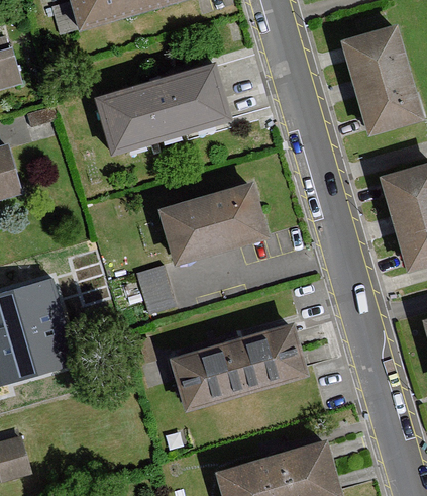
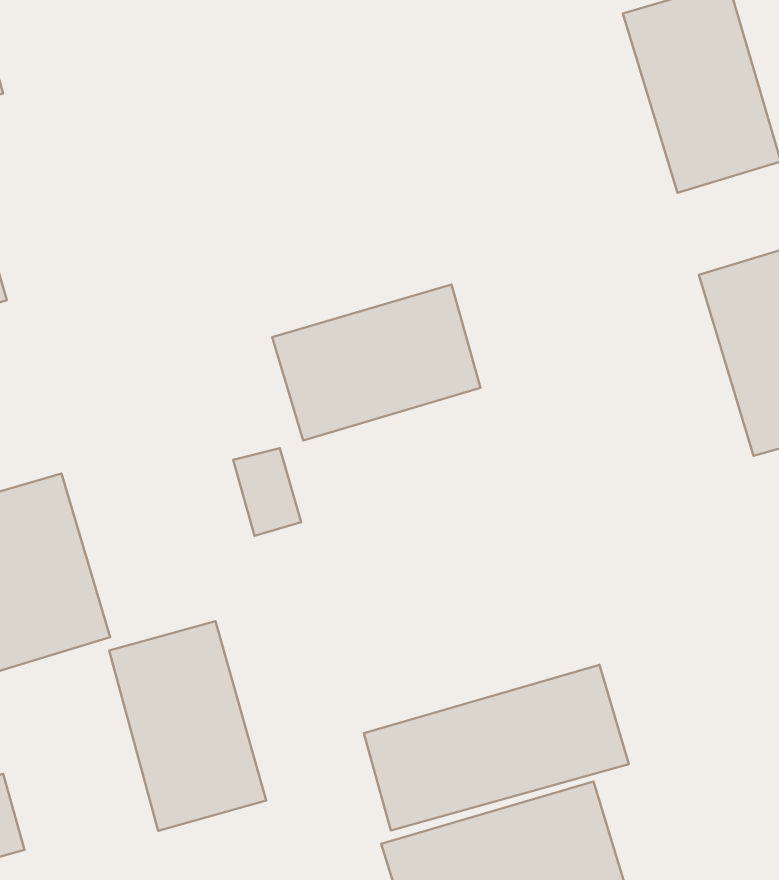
building: [94,63,231,155] -> none
building: [170,322,307,408] -> [364,665,629,830]
building: none -> [109,621,266,831]

